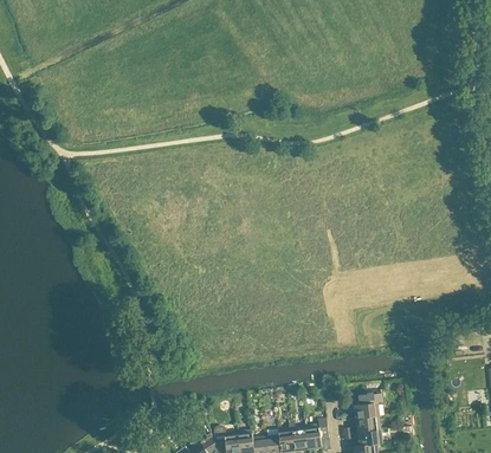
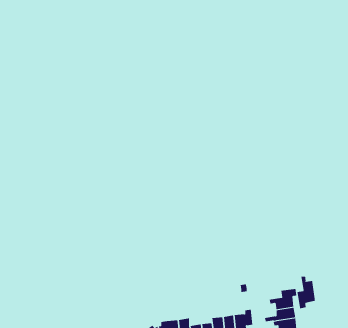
building: none -> [297,276,316,309]

